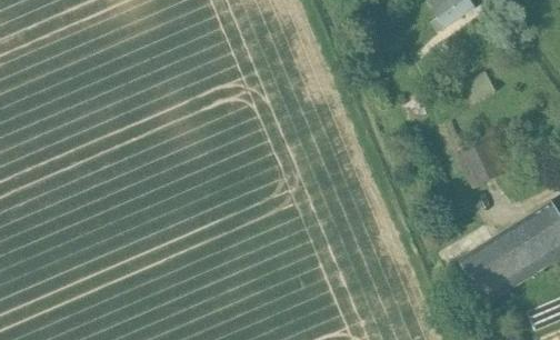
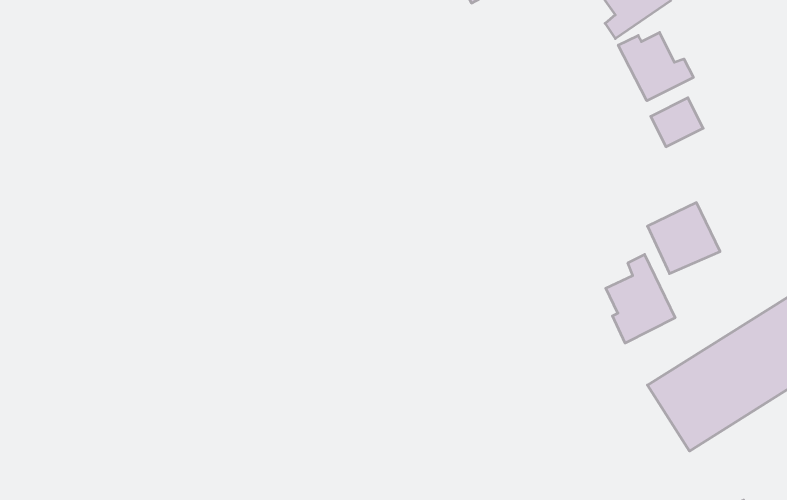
building: none -> [618,32,693,101]
building: none -> [606,254,675,343]

